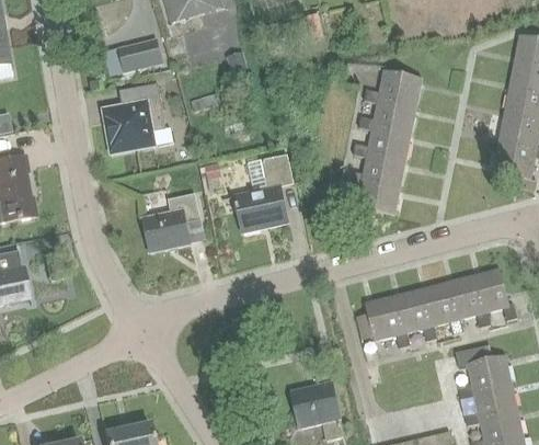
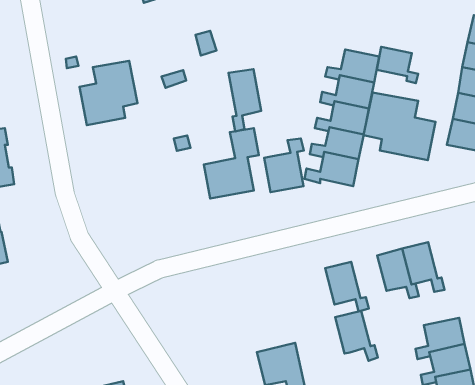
building: [116,38,162,73] -> none
building: none -> [377,47,418,83]
building: none -> [228,69,261,131]
building: none -> [364,92,436,160]
building: none -> [264,139,304,192]
building: [144,192,200,251] -> none
building: [472,269,516,321] -> none
building: [391,289,436,342] -> [335,311,378,361]

